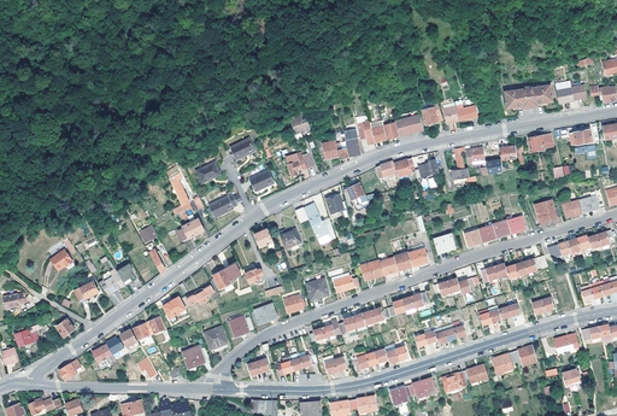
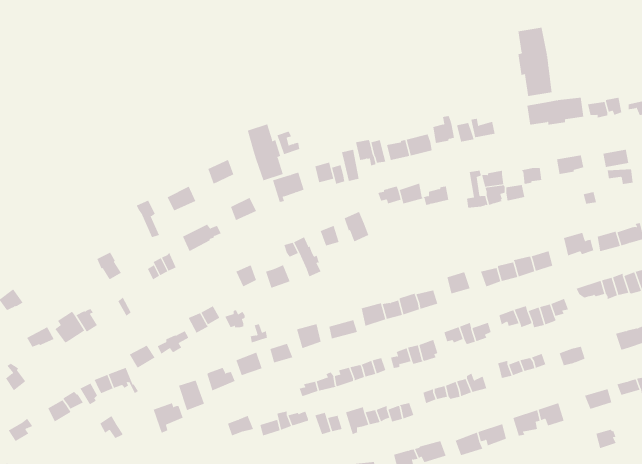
building: none -> [518,27,552,97]
building: none -> [247,124,283,181]

